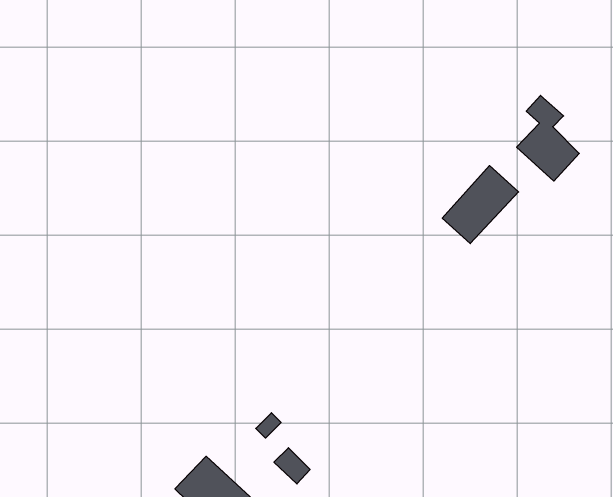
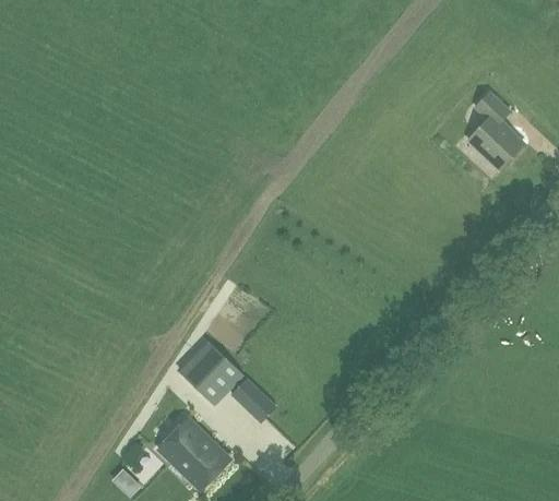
building: [442,166,519,244] -> none
building: none -> [179,341,240,402]

